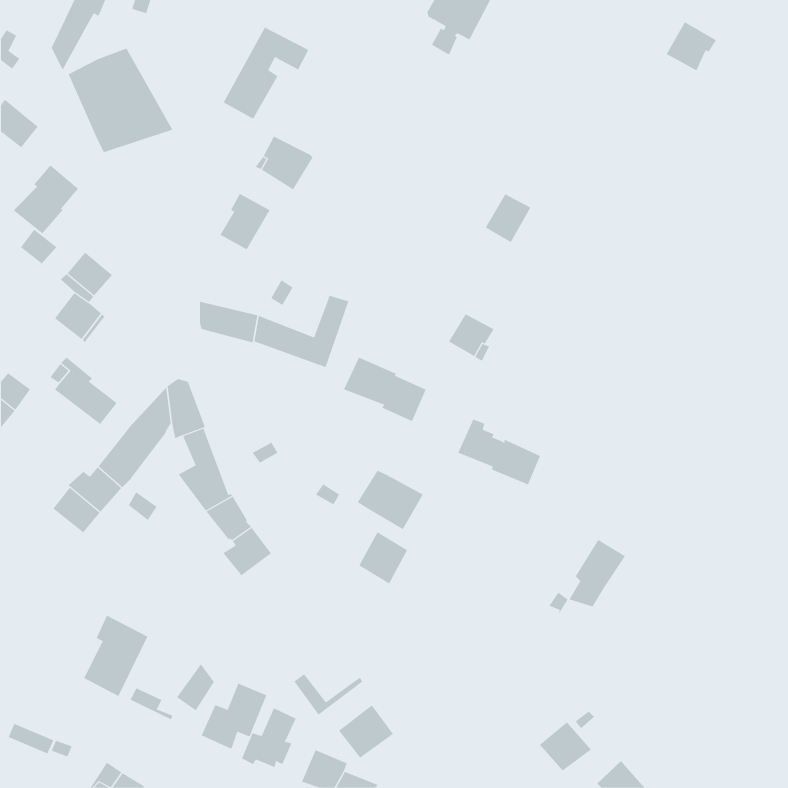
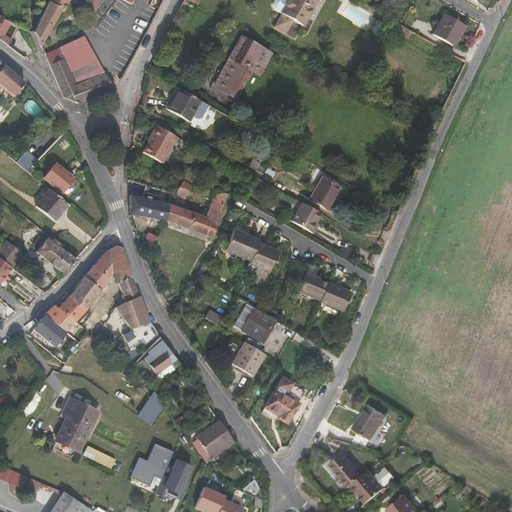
building: [223,27,309,119] -> [216,38,272,98]
building: [13,165,79,234] -> none
building: [485,194,531,243] -> [309,176,339,208]
building: [569,539,626,607] -> [352,403,389,447]
building: none -> [265,380,306,423]
building: [176,663,215,711] -> [140,394,165,425]
building: none -> [329,449,362,483]
building: [338,704,394,759] -> [198,419,234,454]

